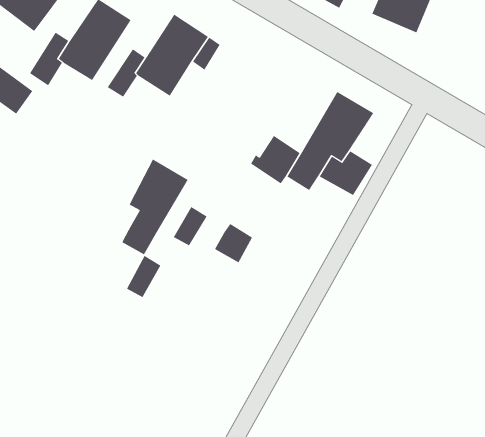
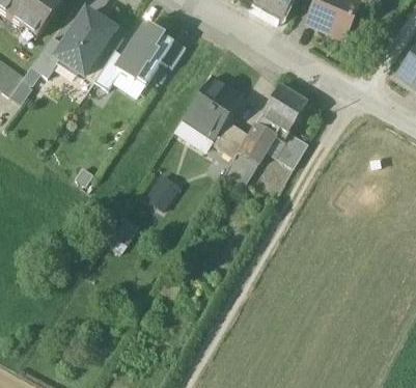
building: none -> [184,75,243,137]
building: [122,159,188,255] -> none
building: [214,223,253,263] -> [225,153,256,185]

